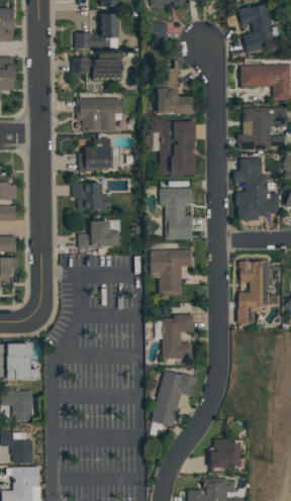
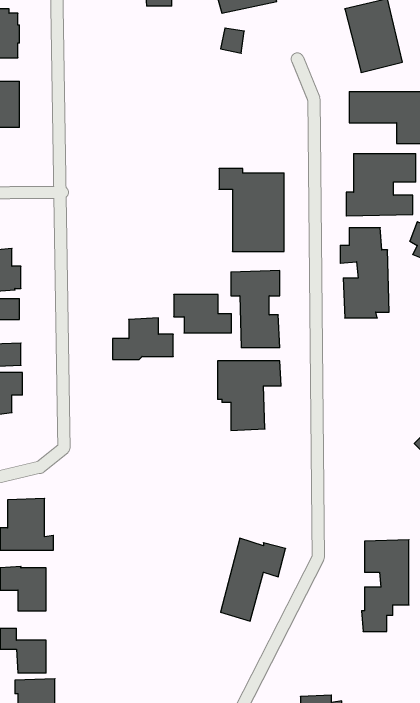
building: [76,12,119,47] -> none
building: [73,53,123,79] -> none
building: [158,59,194,113] -> none
building: [78,97,122,130] -> none
building: [79,138,113,171] -> none
building: [73,182,112,208] -> [174,295,231,333]
building: [237,260,270,322] -> [362,540,409,631]
building: [163,313,194,358] -> none
building: [210,438,234,474] -> none

